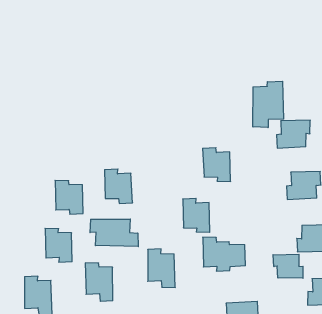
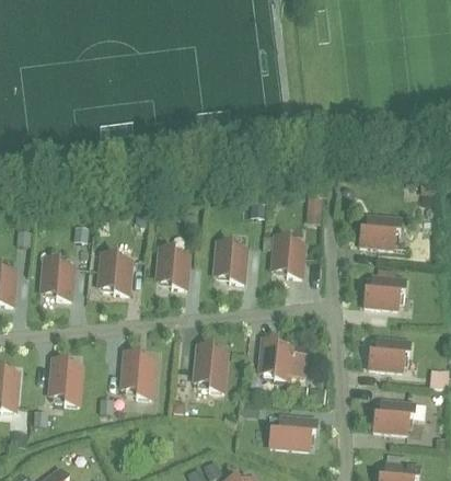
building: [253,81,284,128] -> none
building: [183,198,210,232] -> [213,240,246,282]
building: [90,219,138,247] -> none
building: [45,228,72,262] -> [41,256,73,298]
building: [273,254,303,278] -> none

